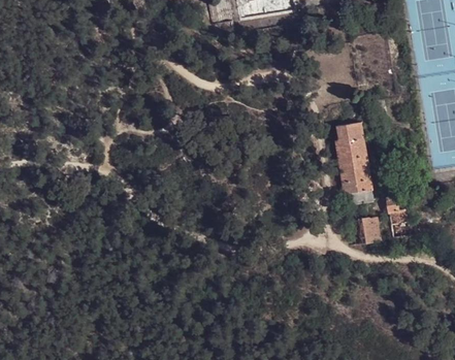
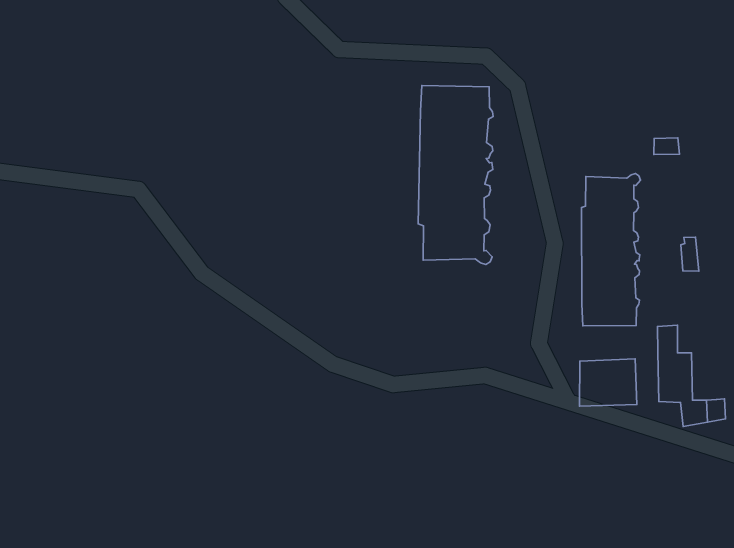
building: none -> [418,85,493,265]

